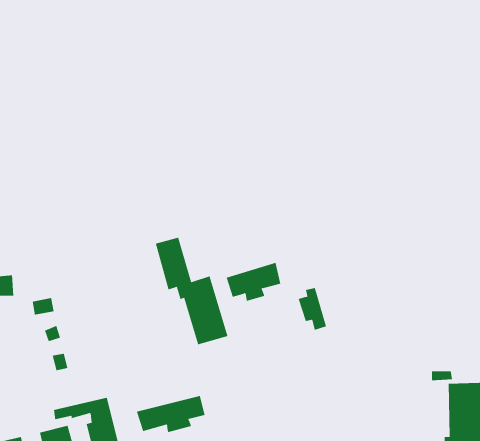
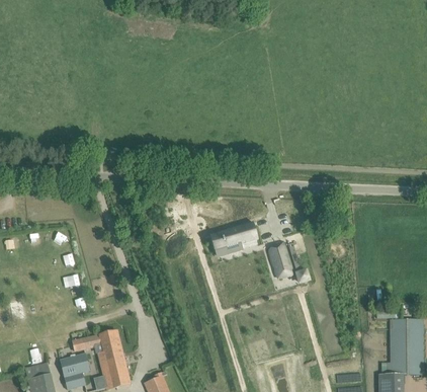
building: [155,237,228,345] -> none
building: [136,395,205,433] -> none

